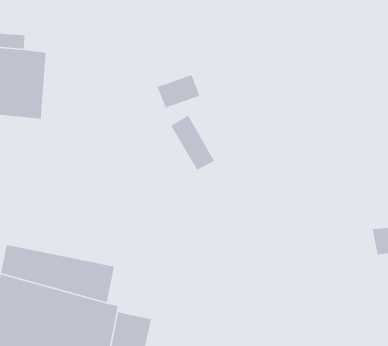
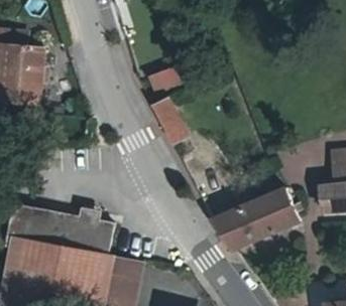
building: none -> [211,188,300,251]

